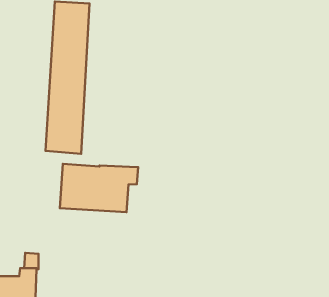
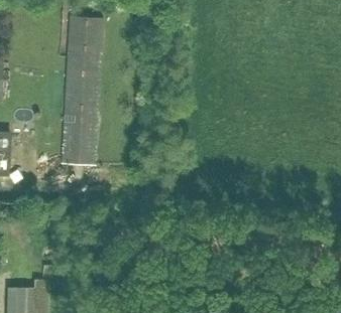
building: [60,164,138,212] -> none

